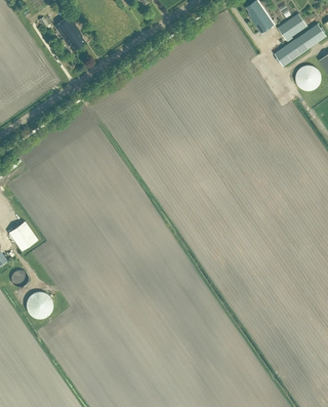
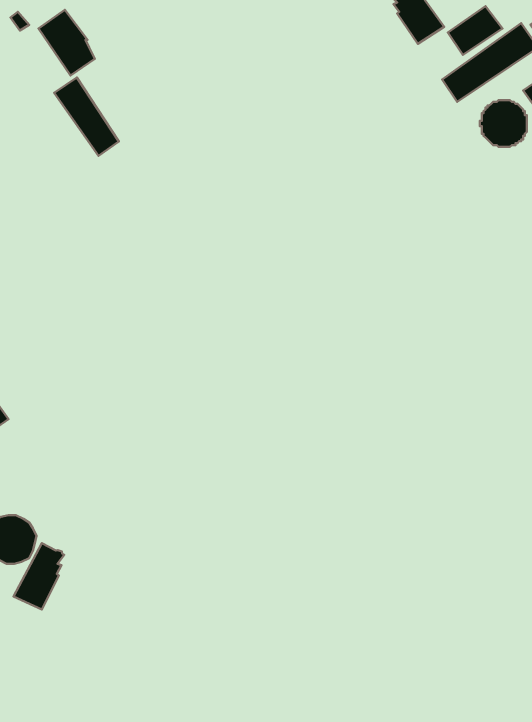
building: none -> [54,77,119,156]
building: none -> [14,543,64,609]

